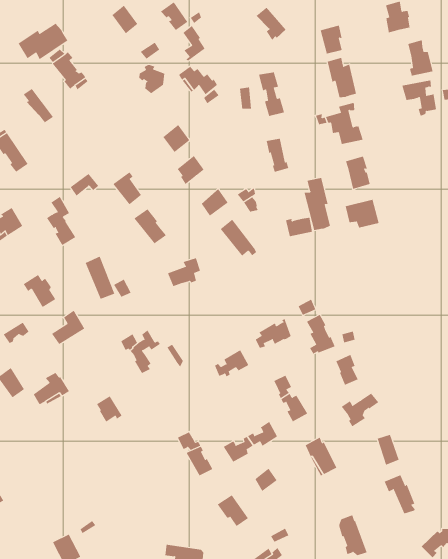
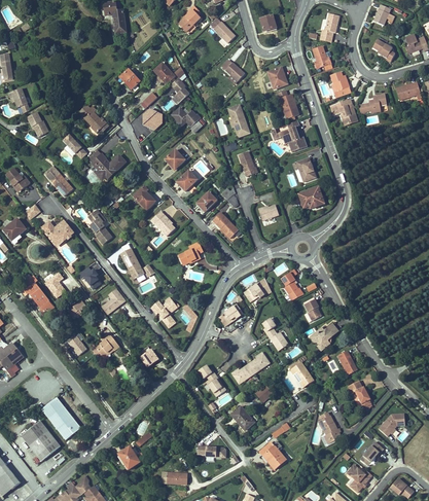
building: [18,23,68,60] -> none
building: none -> [87,149,126,179]
building: [304,177,331,231] -> none

